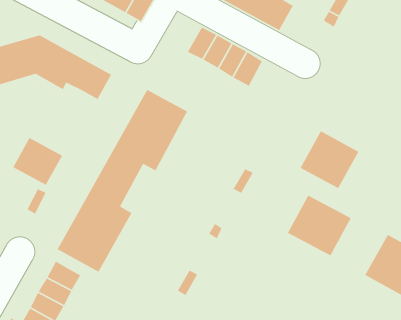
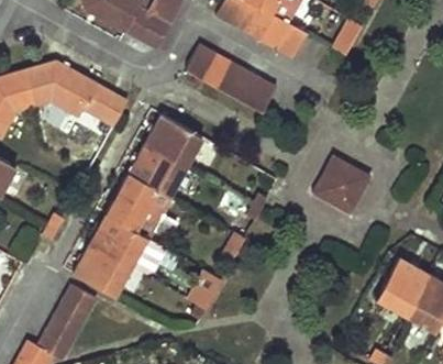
building: [12,137,63,186] -> none
building: [287,195,352,257] -> none

